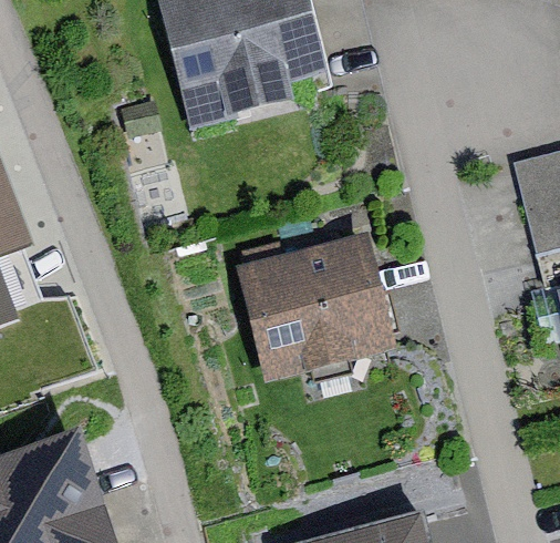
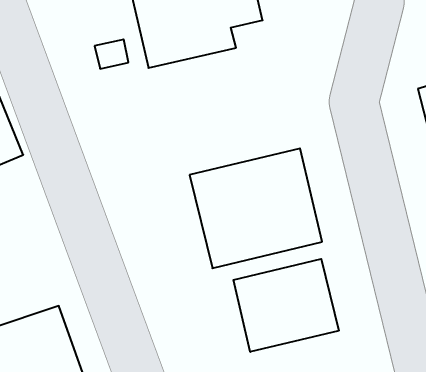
building: none -> [233,259,339,352]

